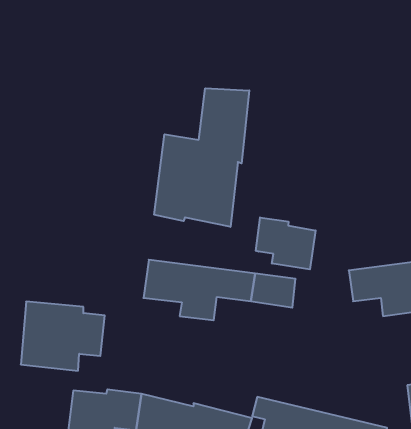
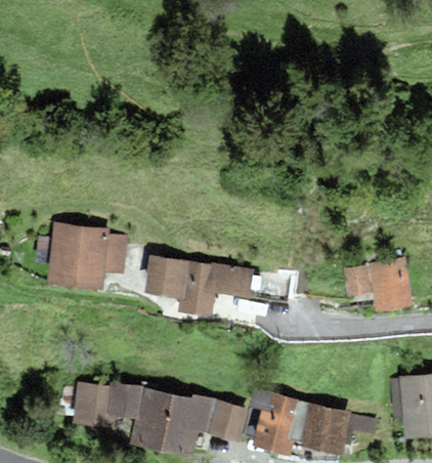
building: [154,88,249,227] -> none
building: [256,217,316,269] -> none
building: [21,302,105,371] -> [47,222,128,289]

